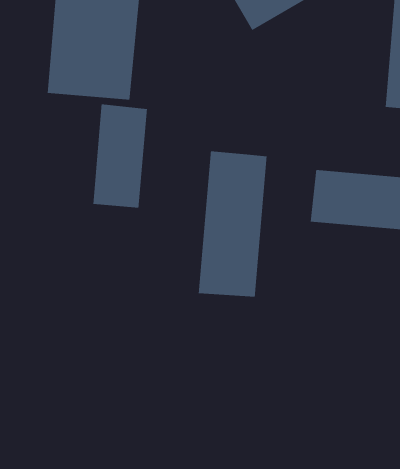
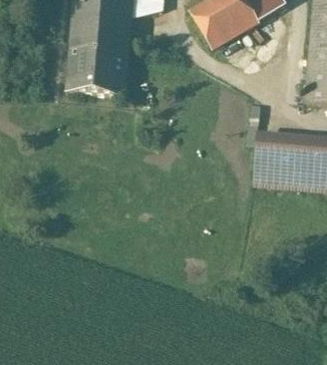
building: [93,103,148,208] -> none
building: [198,150,267,297] -> none

